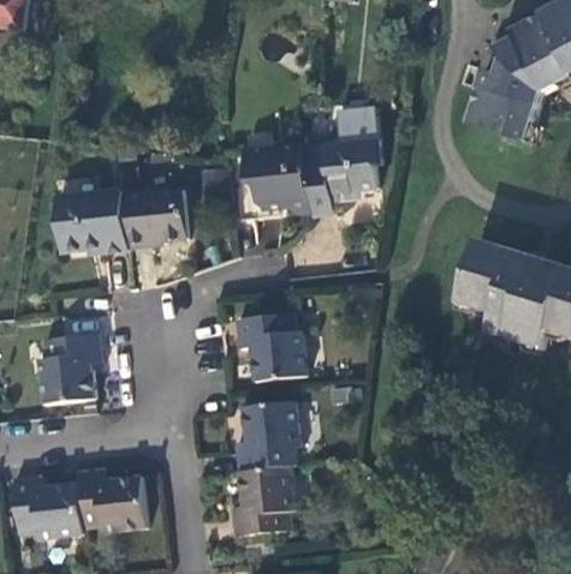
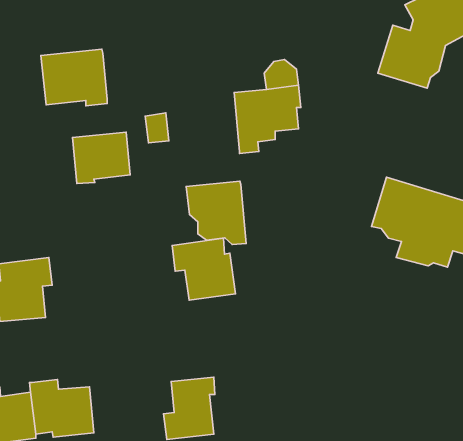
building: [245,142,313,213] -> [186,181,246,244]
building: [55,191,130,255] -> [41,49,107,106]
building: [232,399,298,470] -> none

